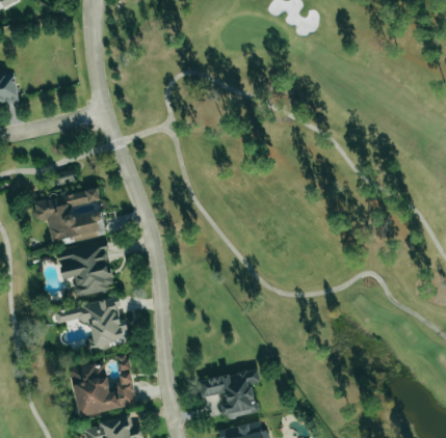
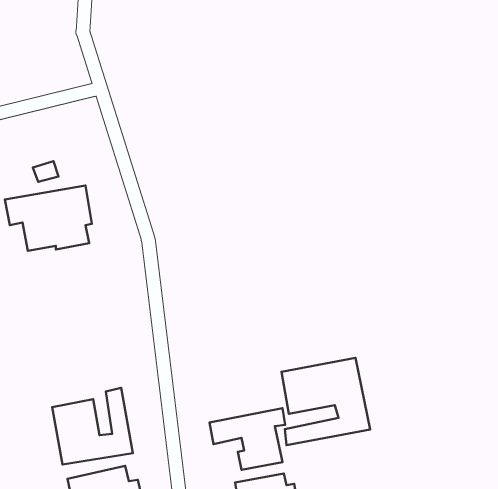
building: [57,242,114,296] -> none
building: [55,298,130,351] -> none
building: none -> [282,358,370,445]

